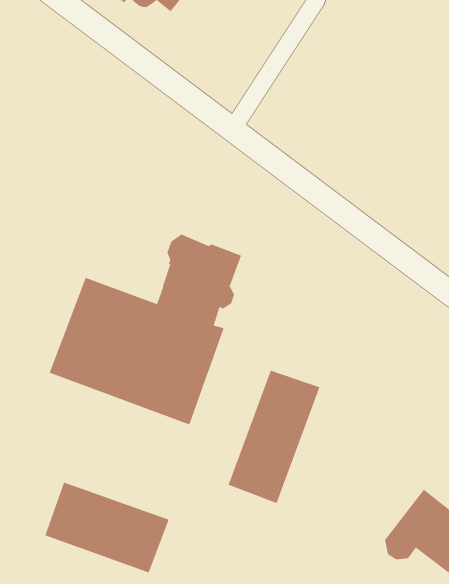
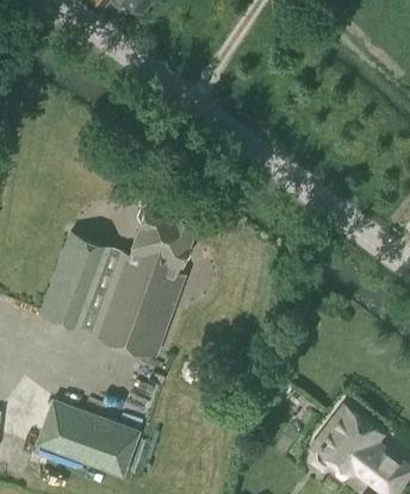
building: [228,370,320,504] -> none

